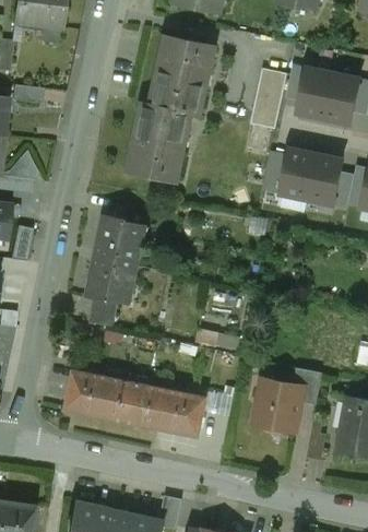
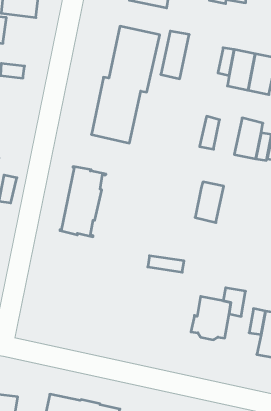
building: [251,69,287,129] -> [161,31,189,79]
building: [282,149,318,200] -> [195,182,224,223]
building: [90,298,118,328] -> none
building: [67,371,206,436] -> none

